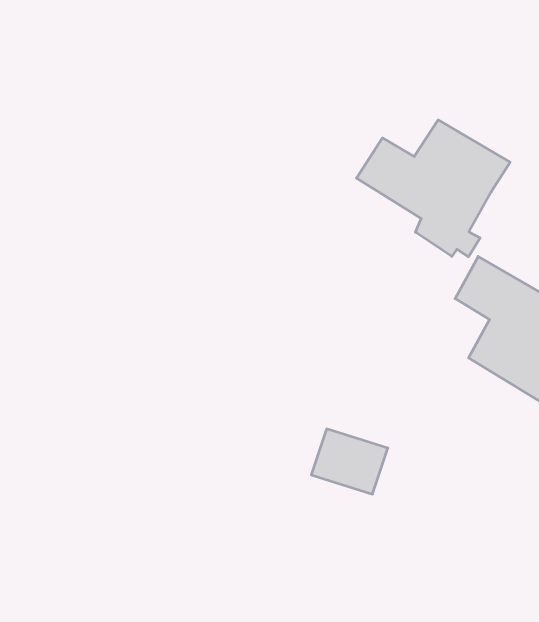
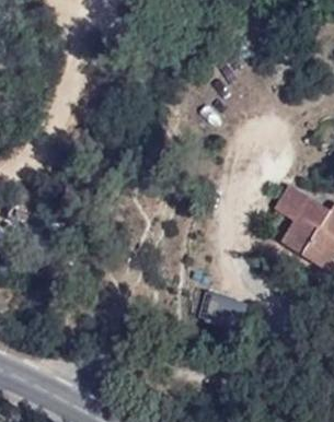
building: [356,120,510,257] -> none

